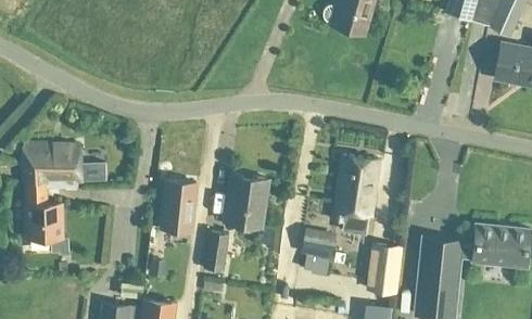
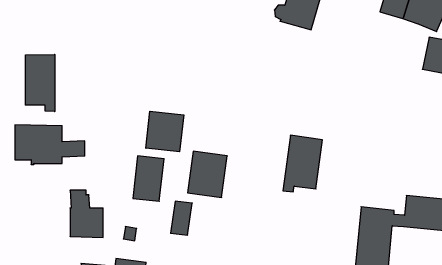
building: none -> [25,54,55,112]
building: none -> [146,111,184,152]
building: [25,184,63,239] -> [70,190,103,237]
building: [301,229,335,260] -> none
building: [367,244,403,294] -> none

